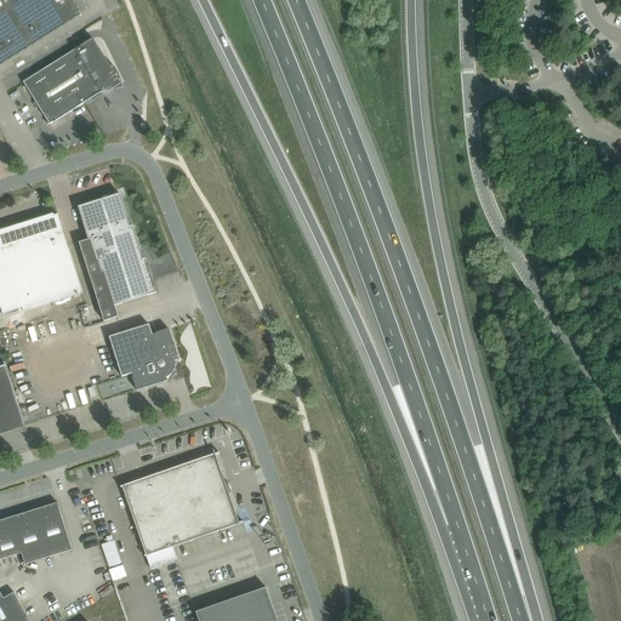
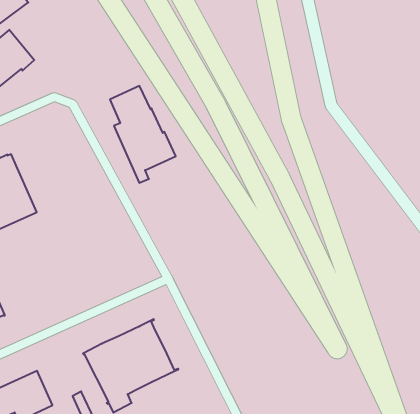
building: [73,38,121,92] -> none
building: [76,193,154,320] -> [110,86,176,183]
building: [107,323,176,389] -> none

